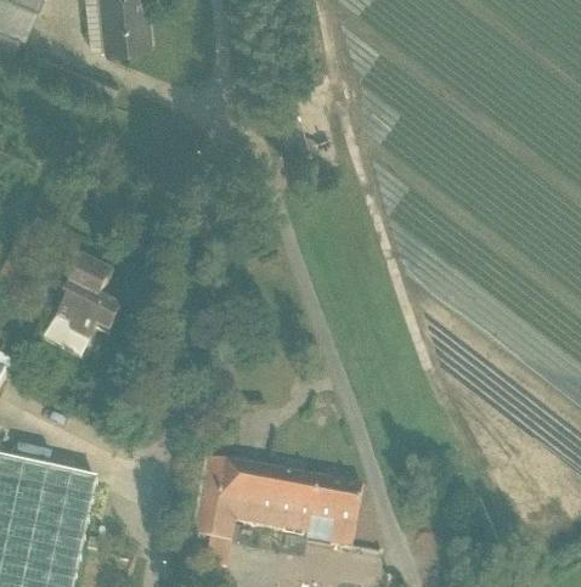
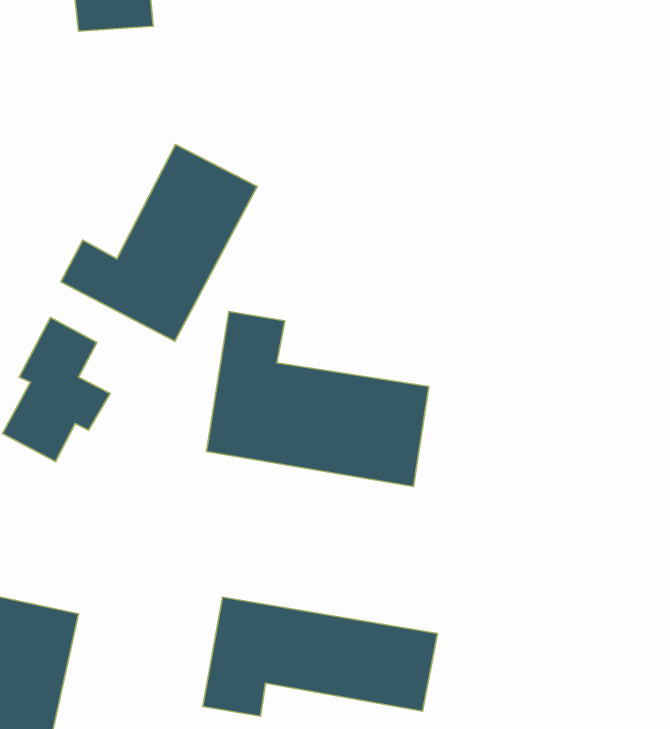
building: none -> [61,145,257,341]
building: none -> [207,312,429,487]

